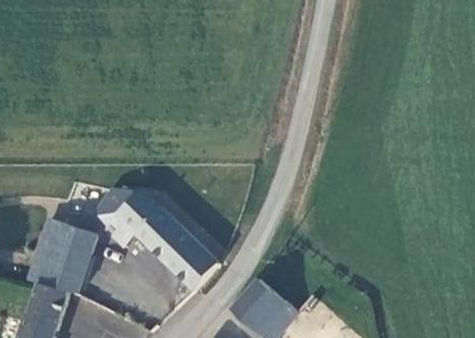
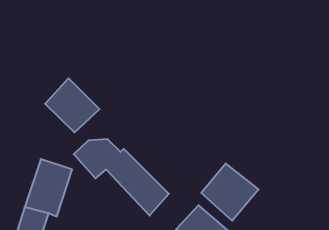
building: none -> [45,78,100,132]
building: none -> [201,163,259,221]

